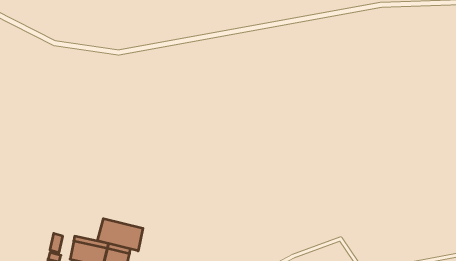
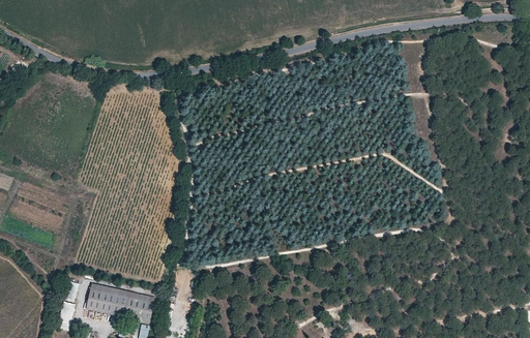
building: [98,219,143,251] -> none

